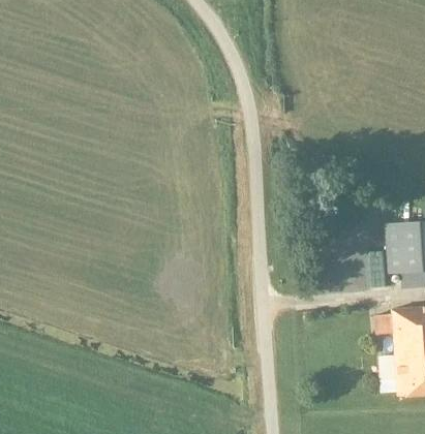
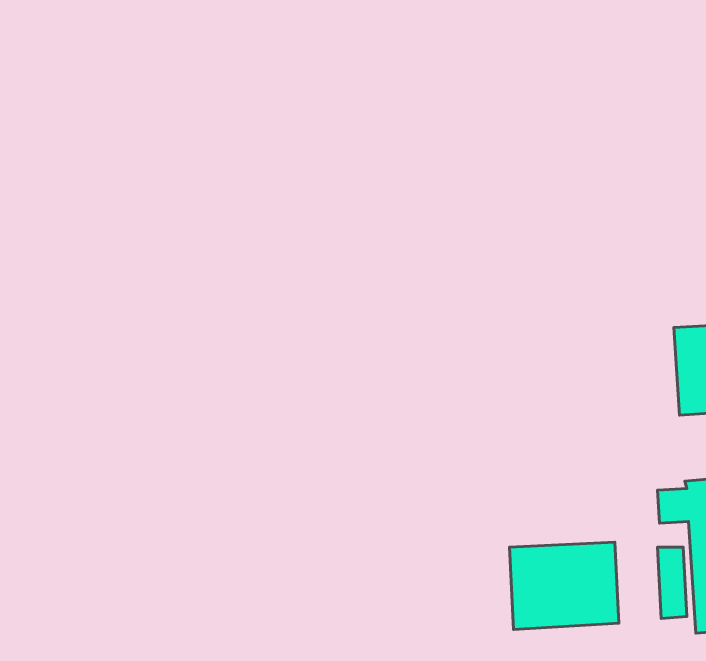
building: none -> [509,542,619,630]

